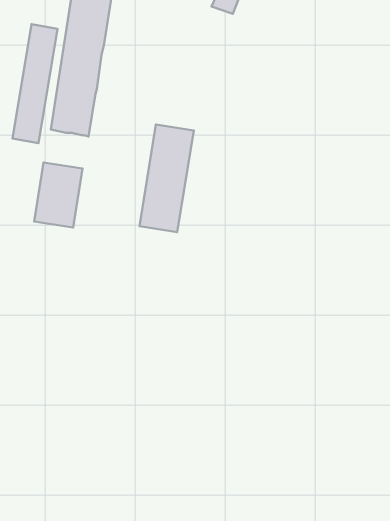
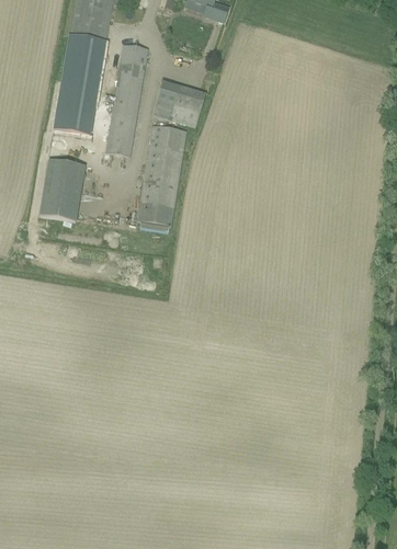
building: [13,24,57,143] -> [106,43,148,153]
building: none -> [154,80,206,124]

